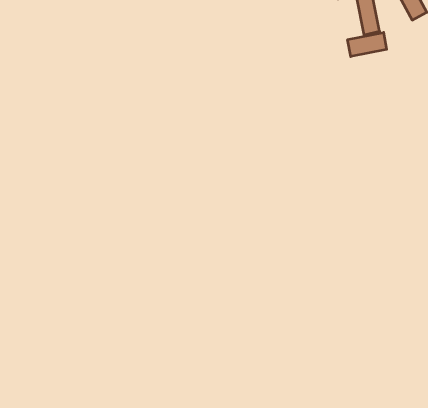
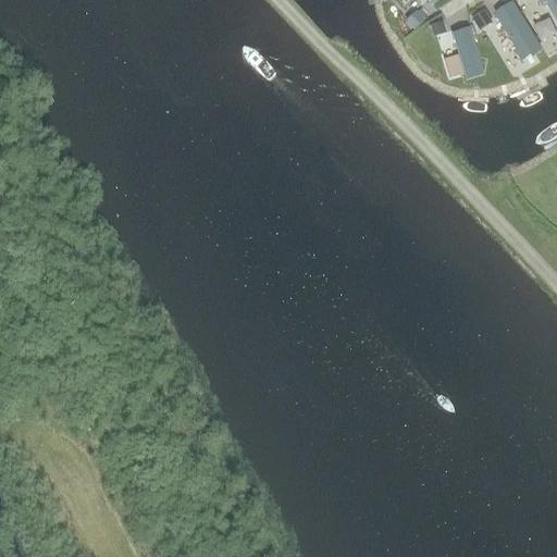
building: [348,32,387,57] -> none

